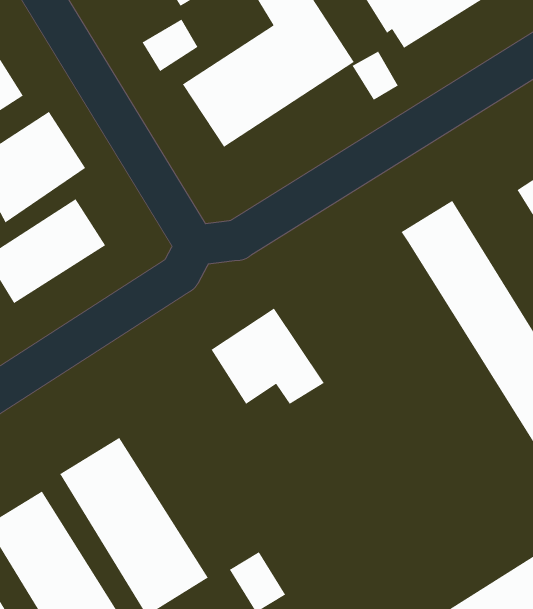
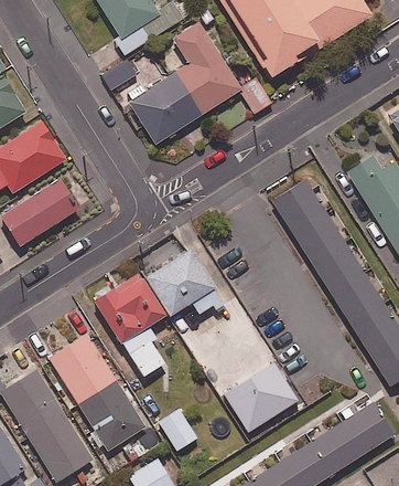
building: none -> [94,270,170,376]
building: none -> [225,362,299,430]

